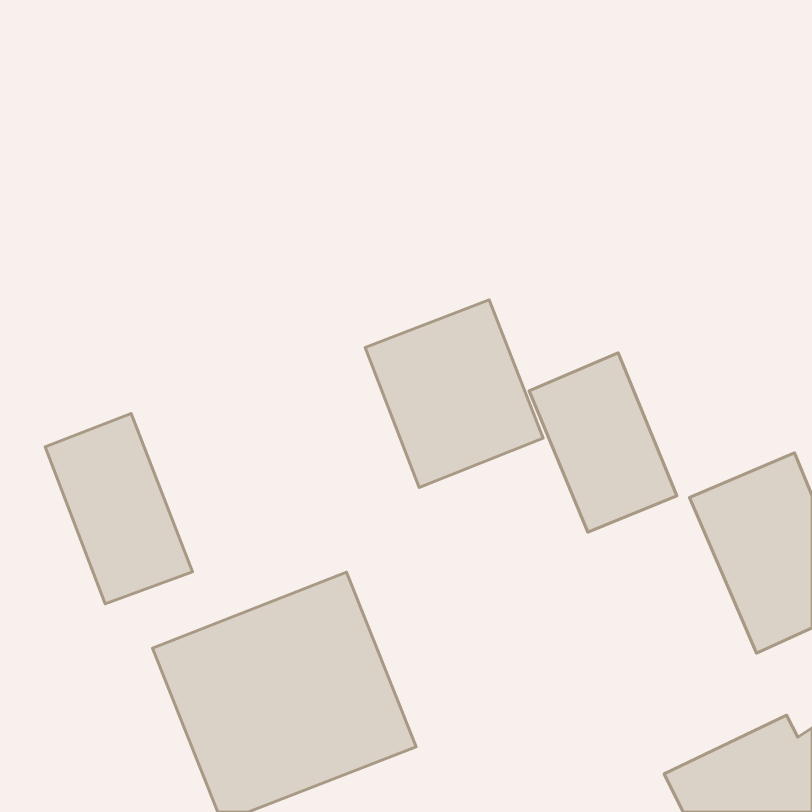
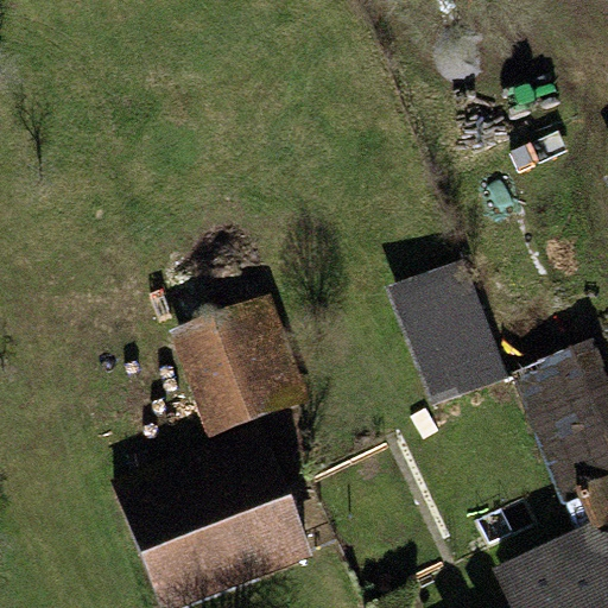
building: [365,300,543,487] -> [176,297,309,437]
building: [45,413,192,604] -> none

